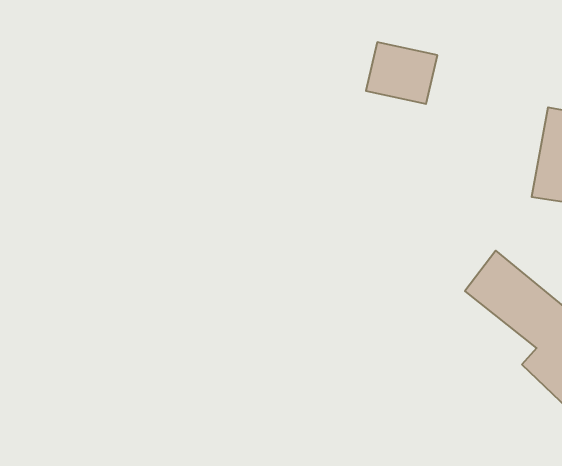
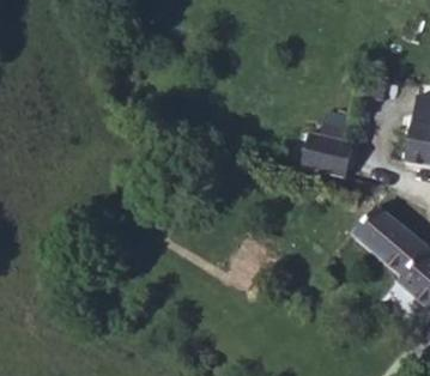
building: [366,42,437,104] -> [302,131,355,176]

